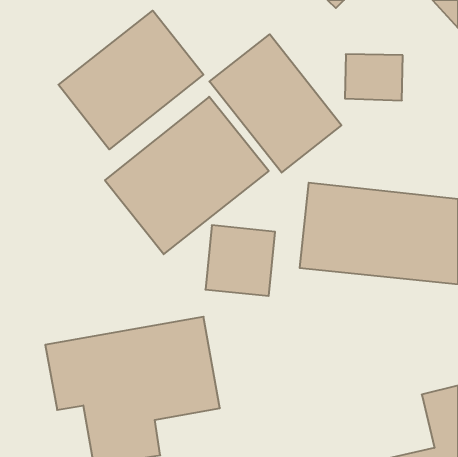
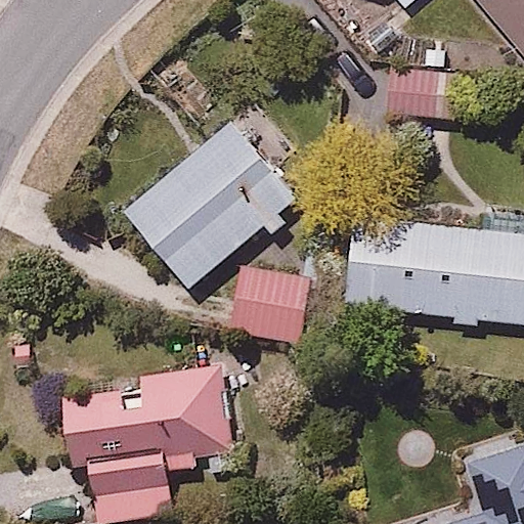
building: [58,11,203,149] -> none
building: [209,34,341,173] -> none

